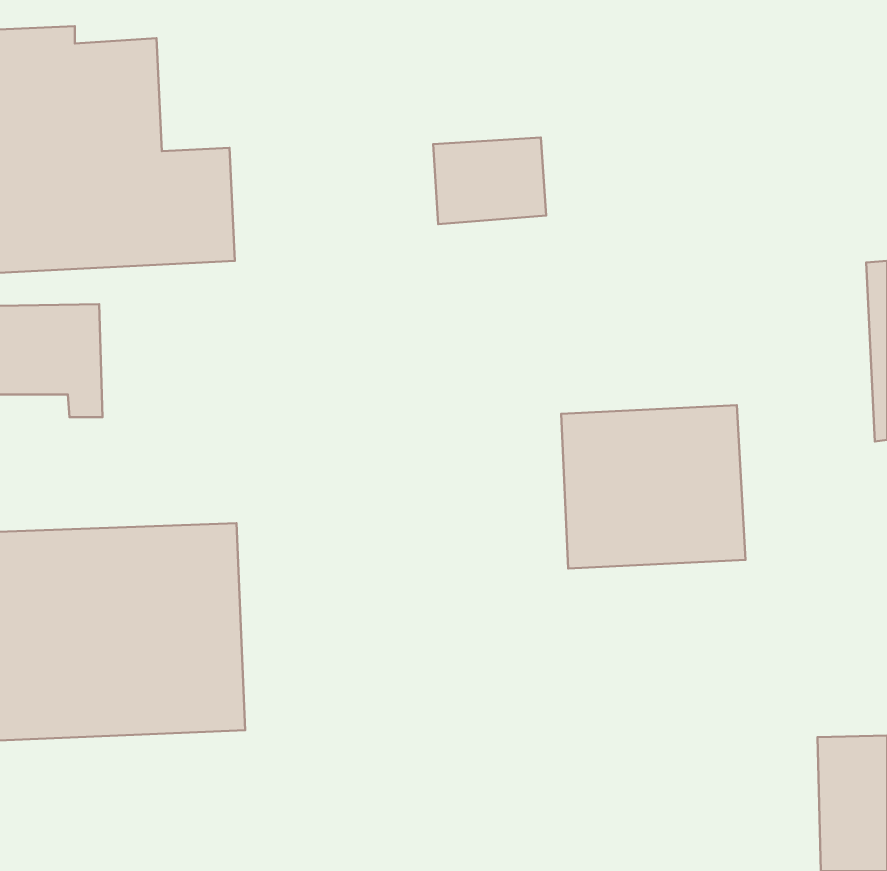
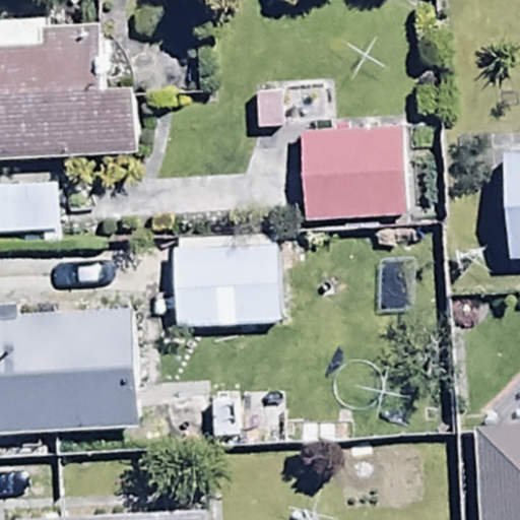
building: [561,405,745,569] -> [301,128,408,223]
building: none -> [170,240,279,327]

